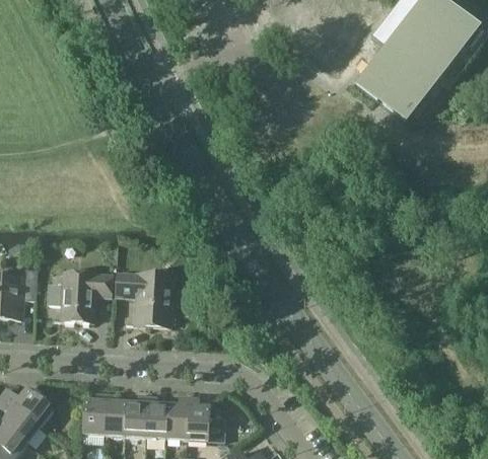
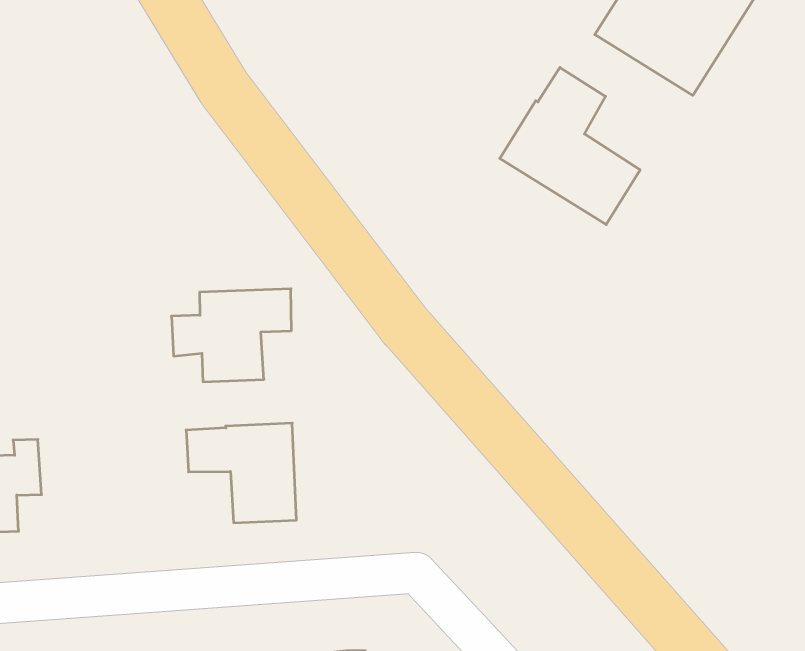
building: none -> [500,67,640,225]
building: [47,272,113,321] -> [171,289,291,382]

